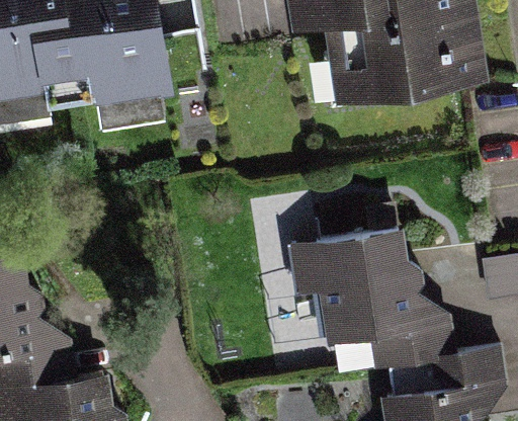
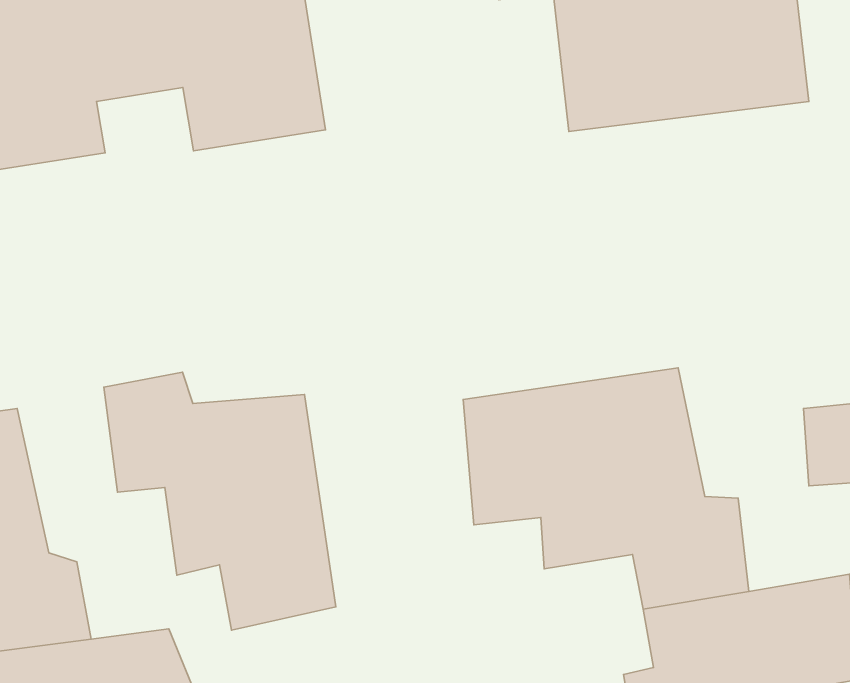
building: none -> [104,372,336,630]

